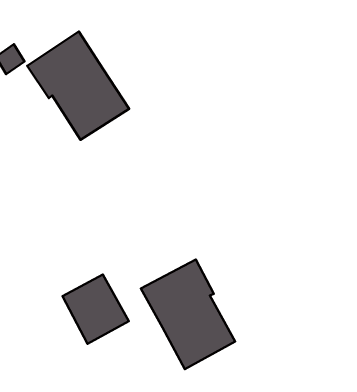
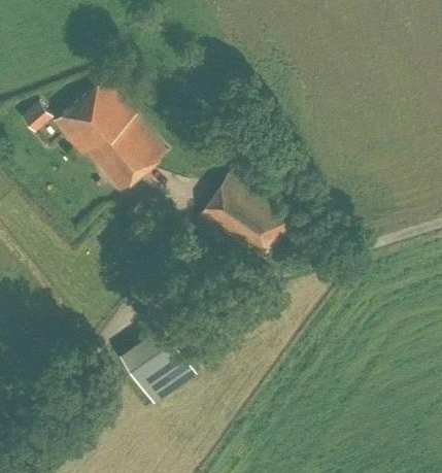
building: none -> [200,174,294,260]
building: [141,259,235,369] -> none

